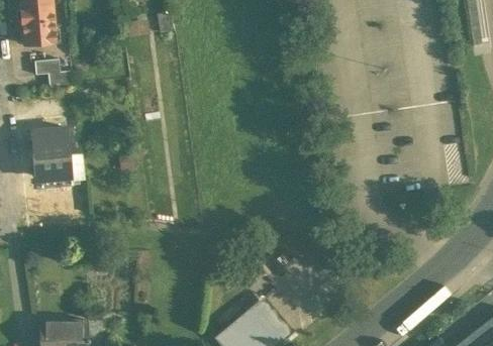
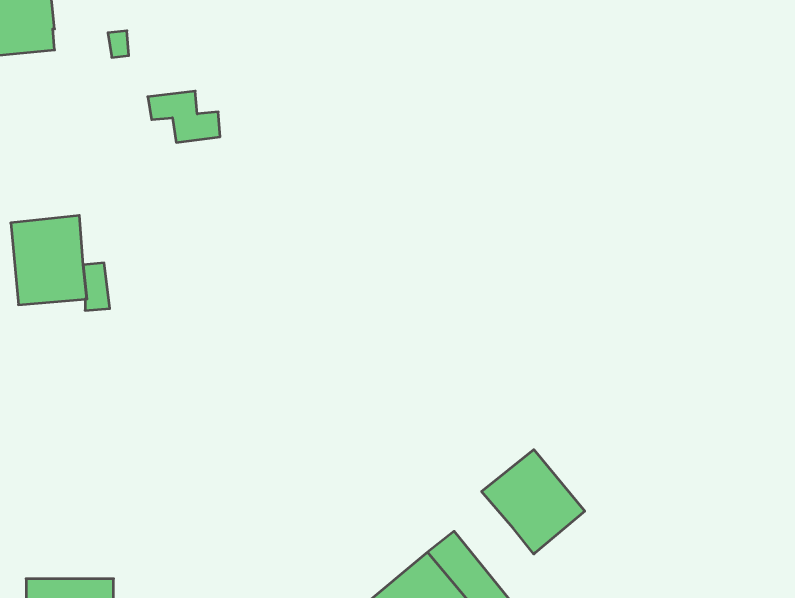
building: [34,57,73,85] -> [148,91,220,142]
building: none -> [482,450,585,554]

